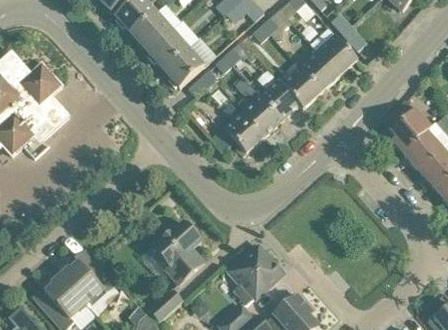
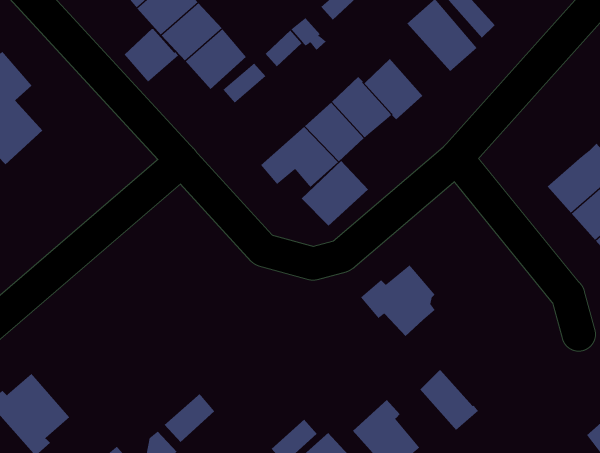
building: none -> [124,28,179,82]
building: [298,51,338,92] -> none
building: [382,101,430,152] -> none
building: none -> [301,160,369,226]
building: [150,221,203,284] -> none
building: [225,248,275,296] -> [360,264,436,337]
building: [59,249,119,317] -> none
building: none -> [420,369,479,431]

